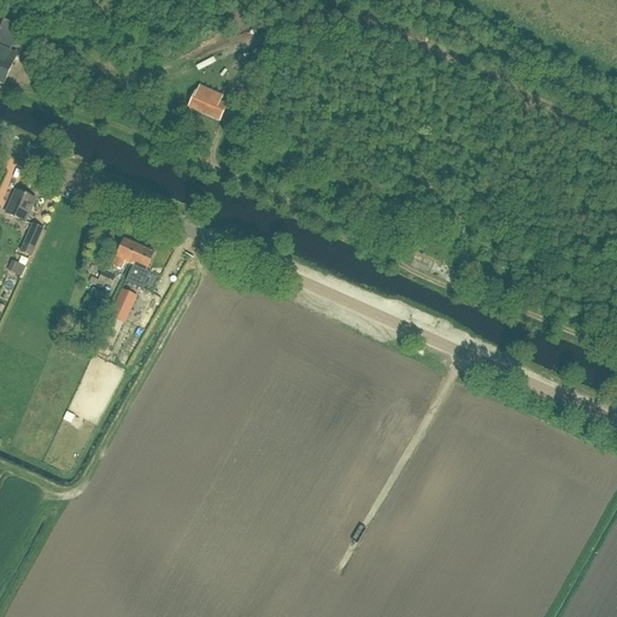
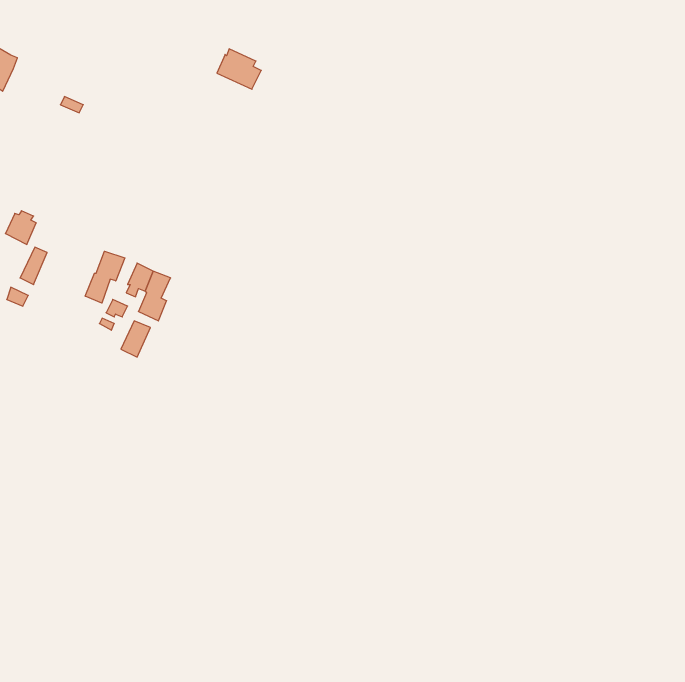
building: [187,83,227,119] -> [217,49,261,89]
building: none -> [85,251,125,303]

